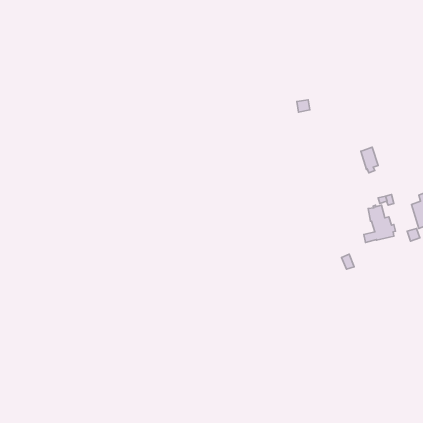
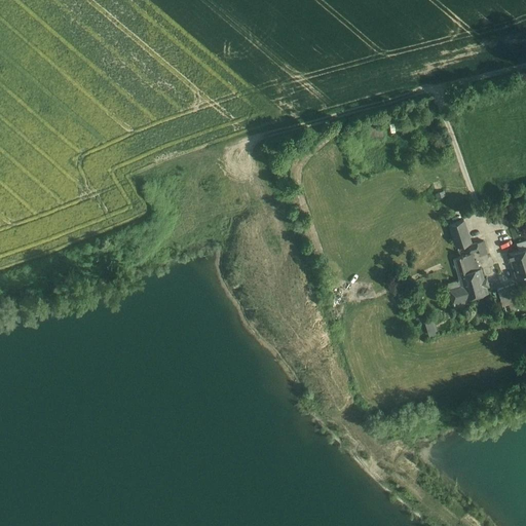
building: [361,147,378,173] -> [451,221,473,253]

